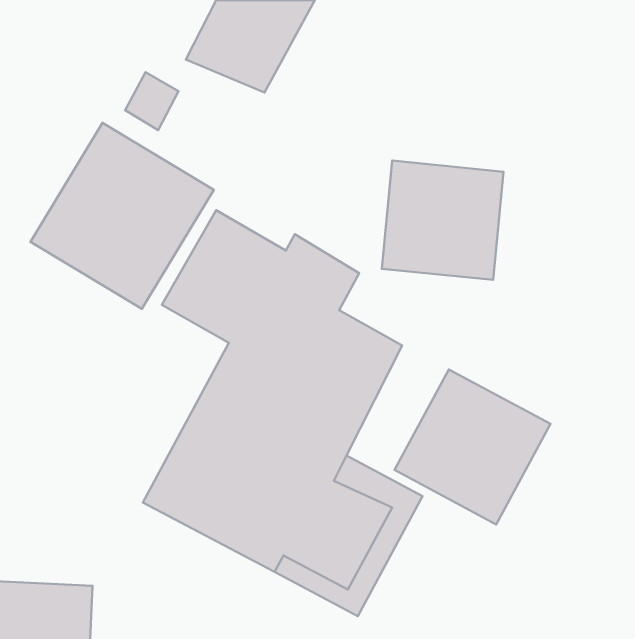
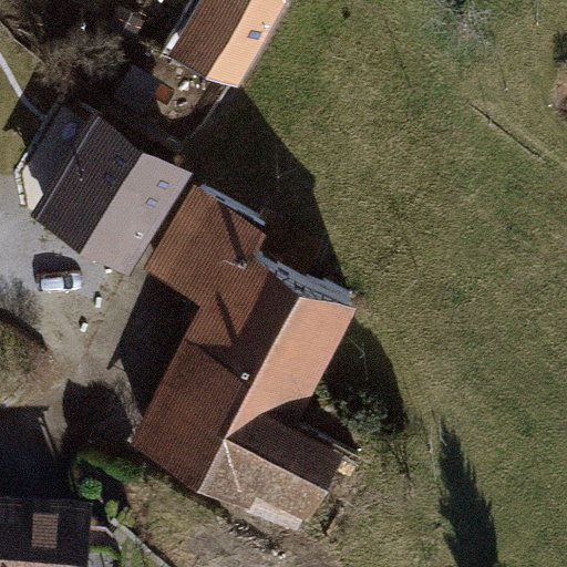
building: [382,161,504,280] -> none
building: [395,369,551,524] -> none

